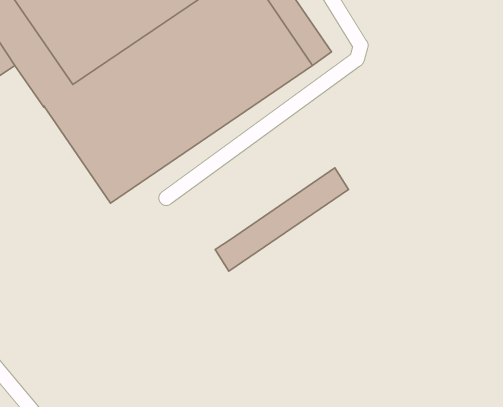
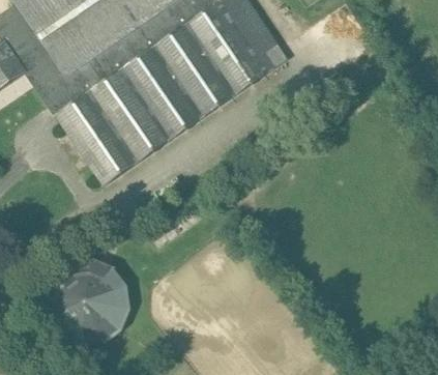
building: [215,168,349,271] -> none
building: none -> [45,257,129,342]

